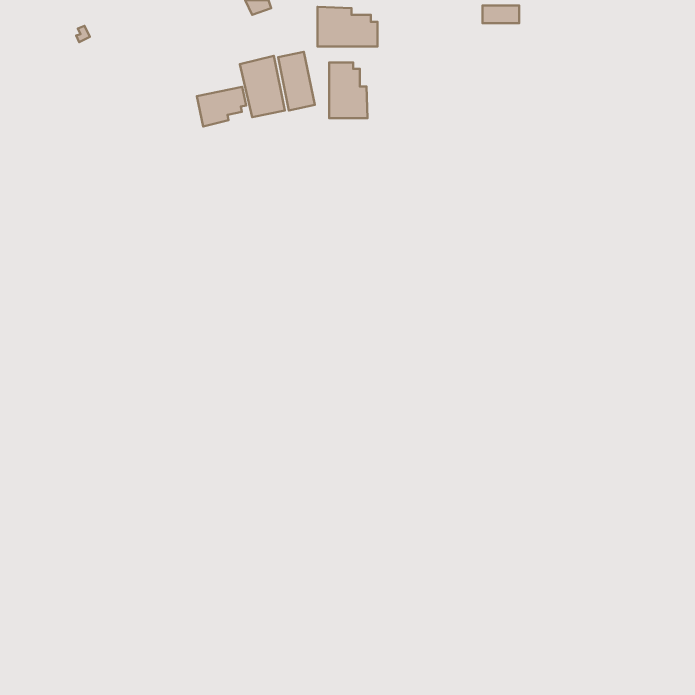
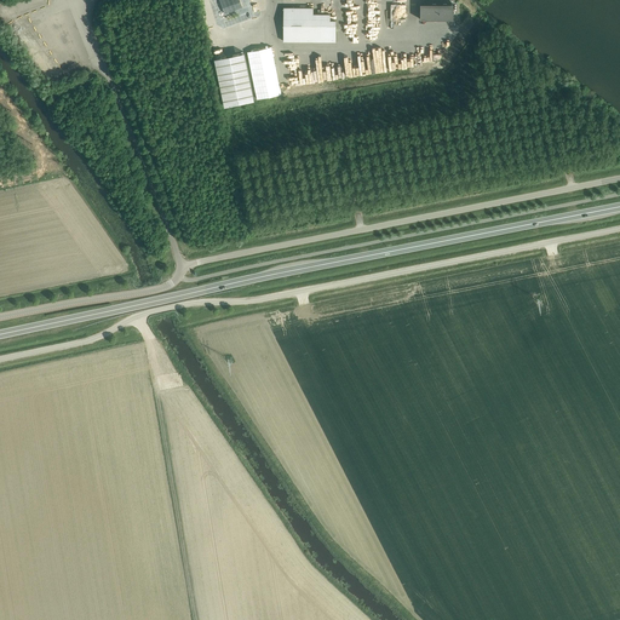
building: [329,62,368,118] -> none
building: [197,87,246,127] -> none

